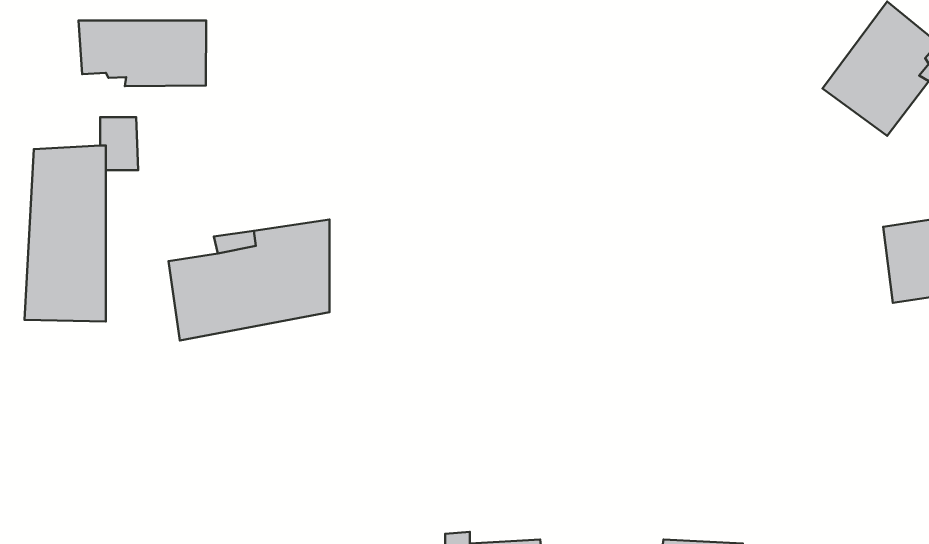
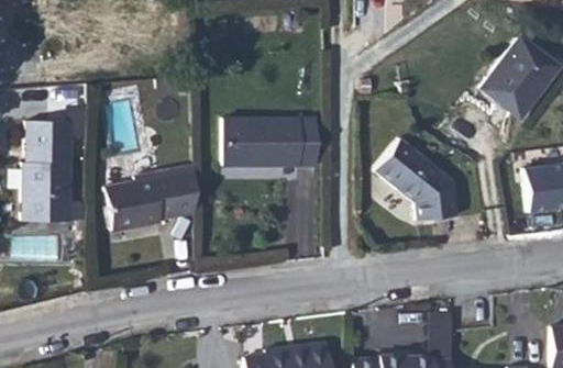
building: [79,20,206,86] -> none
building: none -> [222,116,313,167]
building: none -> [374,140,456,223]

